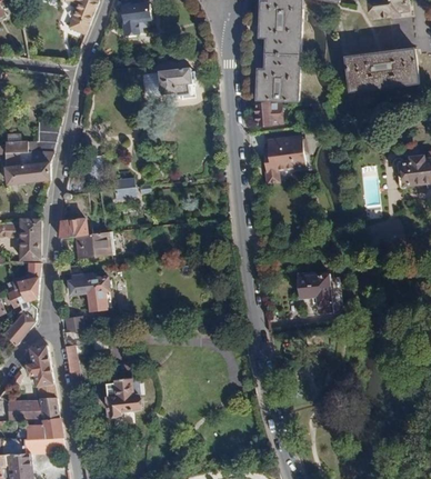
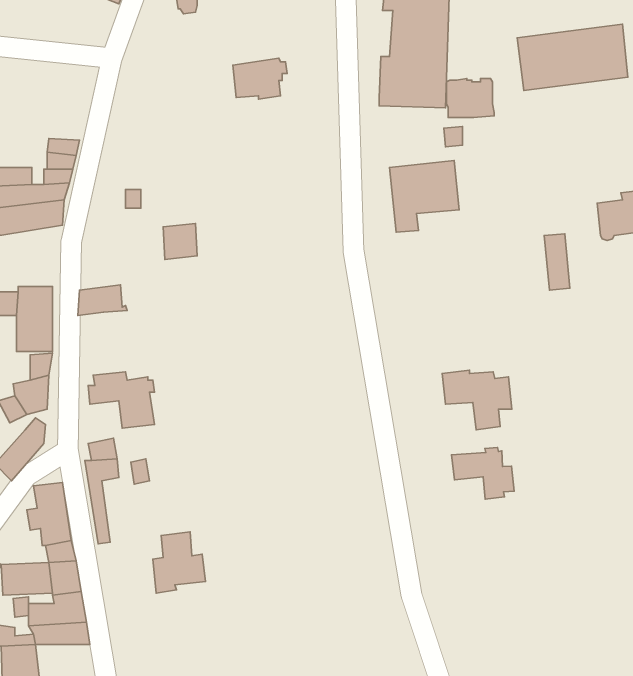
building: [253,101,284,127] -> [446,78,494,118]
building: [74,231,113,258] -> none
building: none -> [452,448,514,499]

